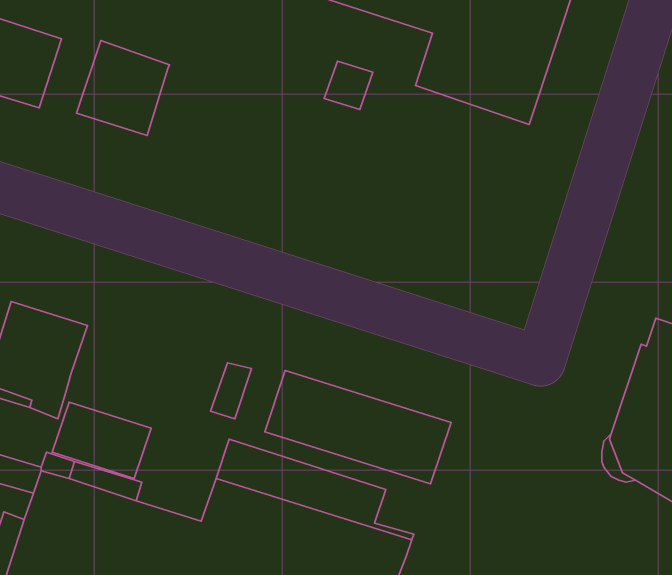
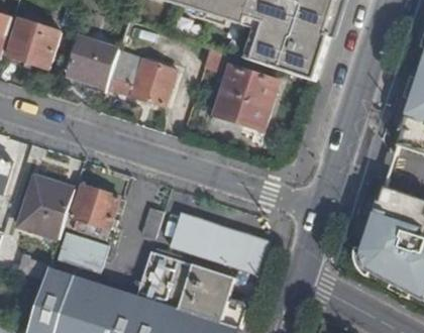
building: none -> [105,49,174,104]
building: none -> [212,65,278,129]
building: none -> [61,187,117,240]

